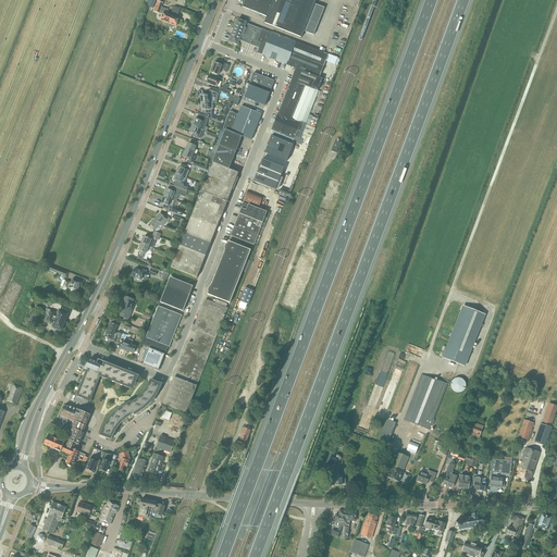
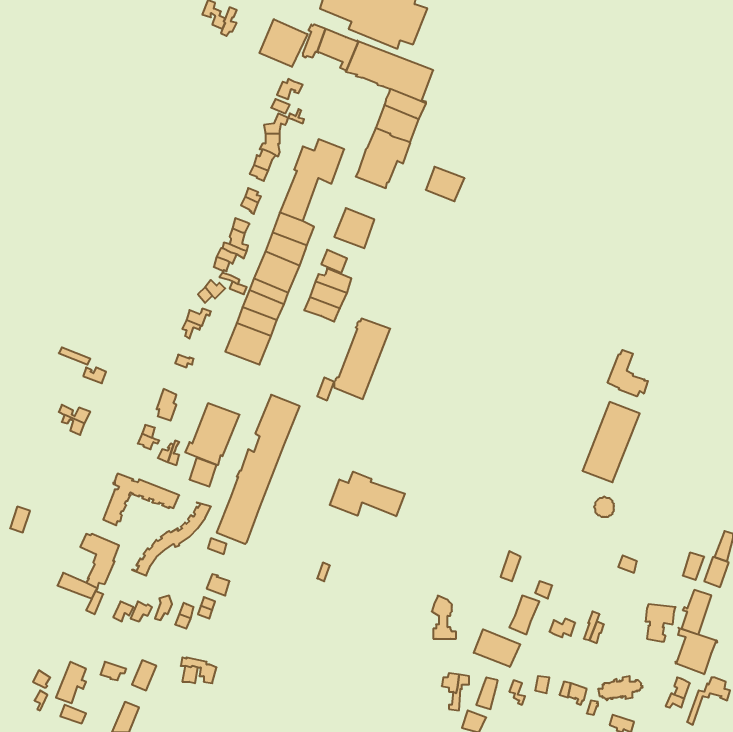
building: none -> [259,19,308,67]
building: [245,75,275,107] -> none
building: [264,135,294,161] -> [426,167,465,201]
building: [208,240,250,301] -> [334,319,390,399]
building: none -> [608,350,648,396]
building: [160,276,193,310] -> none
building: none -> [330,472,405,516]
building: [404,373,448,430] -> none
building: none -> [675,628,717,674]
building: none -> [474,629,520,667]

